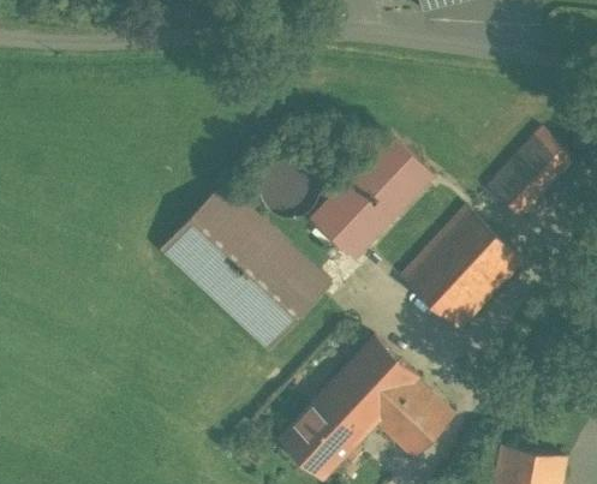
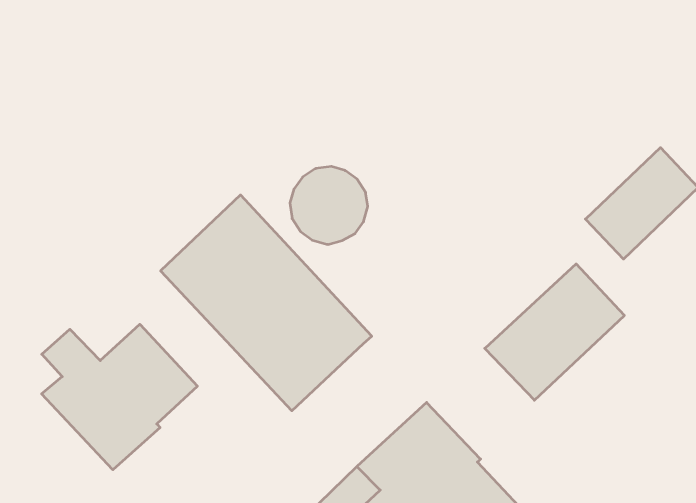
building: [309,135,432,261] -> none
building: [402,208,482,291] -> none
building: none -> [42,324,197,470]

